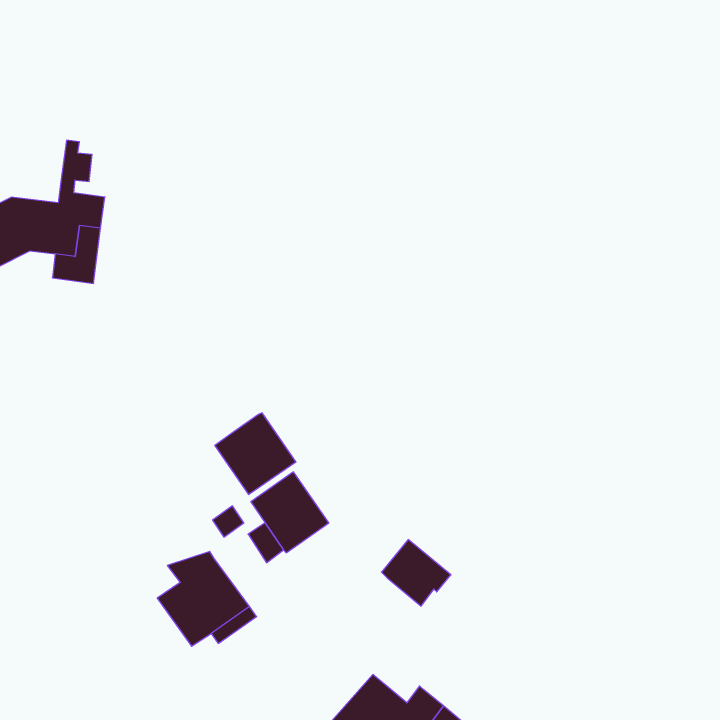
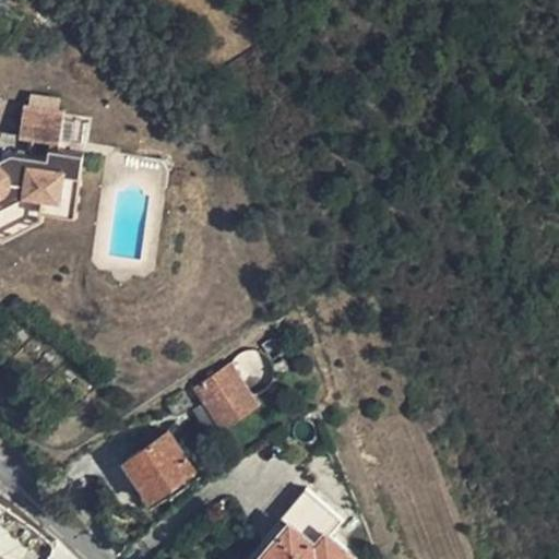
building: none -> [17,107,51,143]
building: [215,413,296,495] -> none
building: [381,540,451,606] -> [283,493,336,545]

